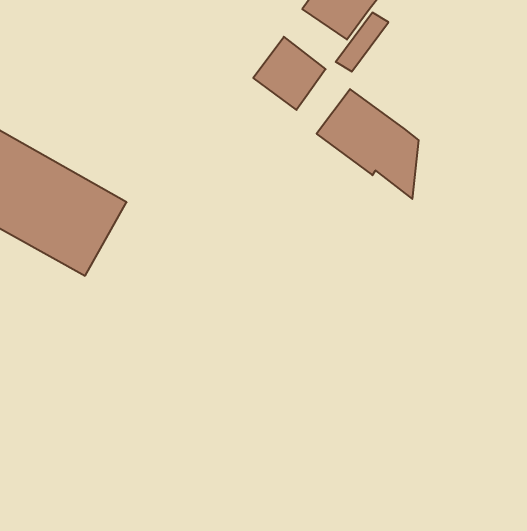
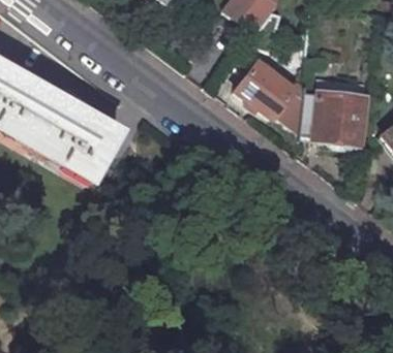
building: [253,37,326,110] -> none
building: none -> [312,88,365,140]

